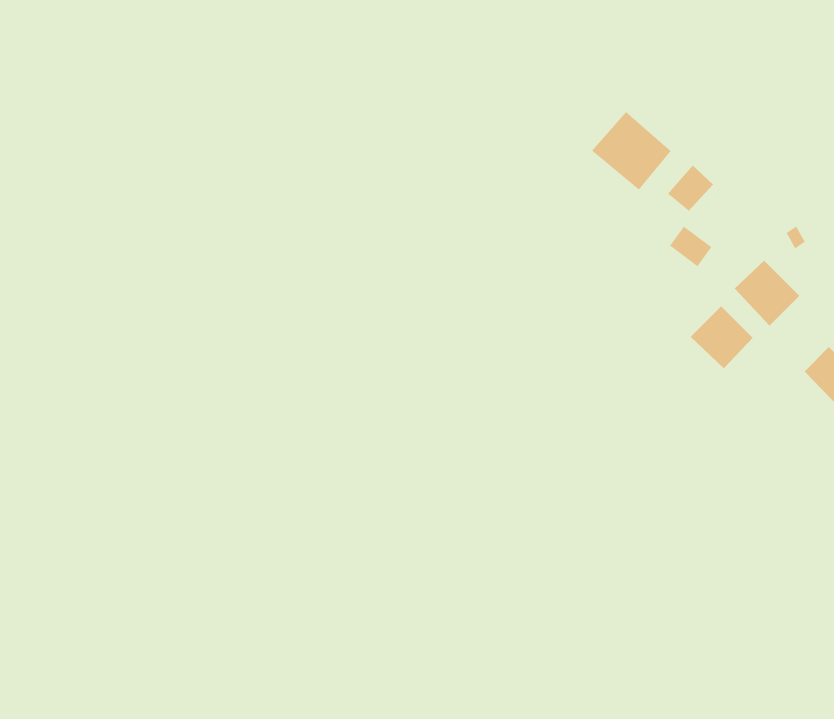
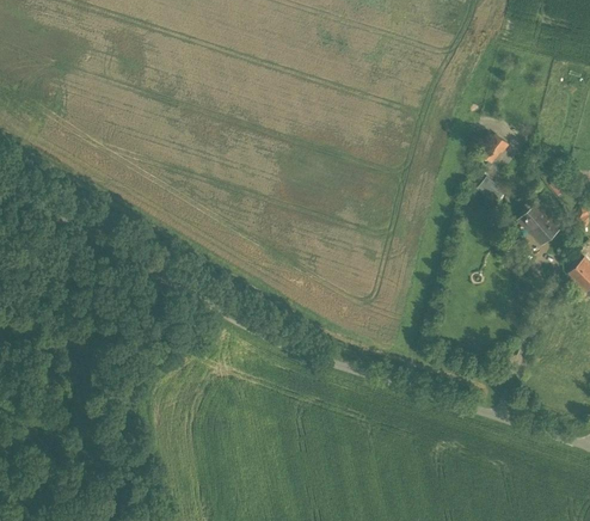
building: [591,111,672,191] -> none
building: [690,306,753,369] -> none

